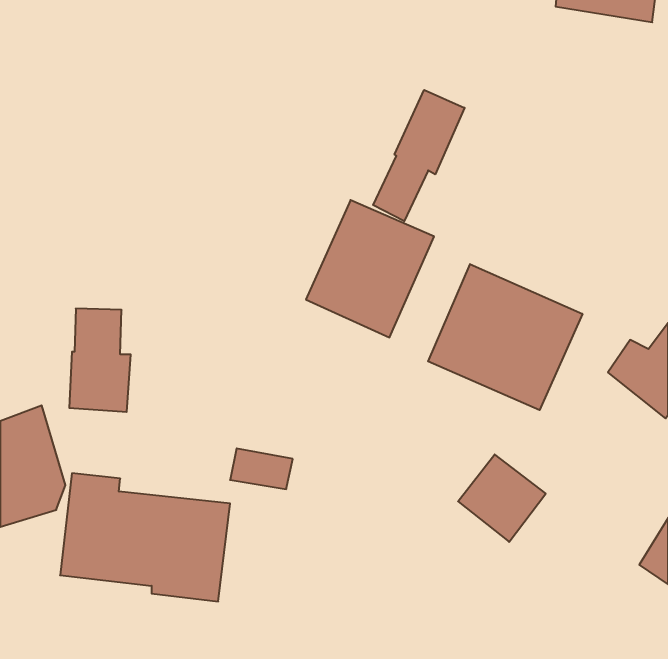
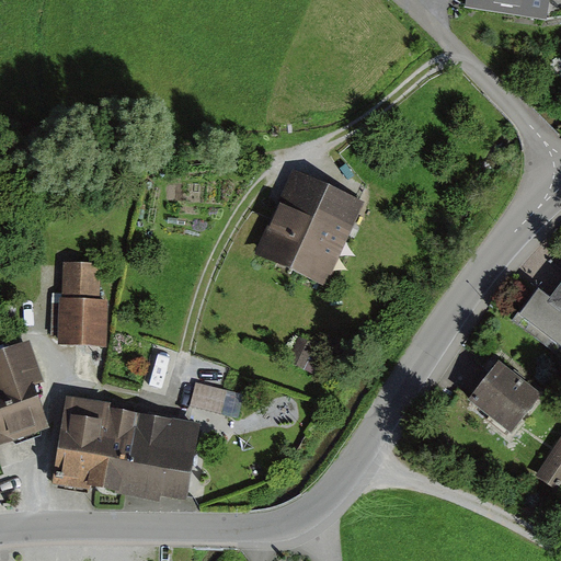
building: [373,90,465,221] -> none
building: [428,264,582,410] -> none
building: [458,454,546,542] -> [469,359,542,433]

